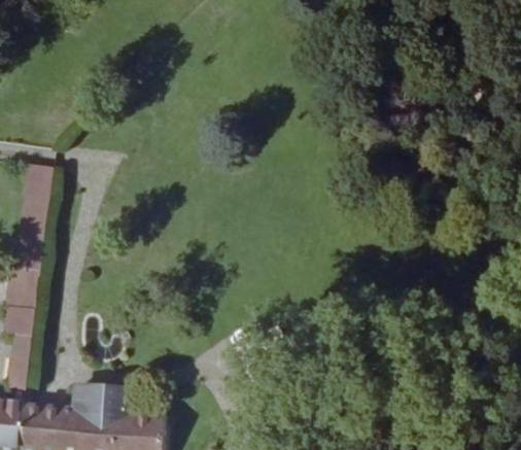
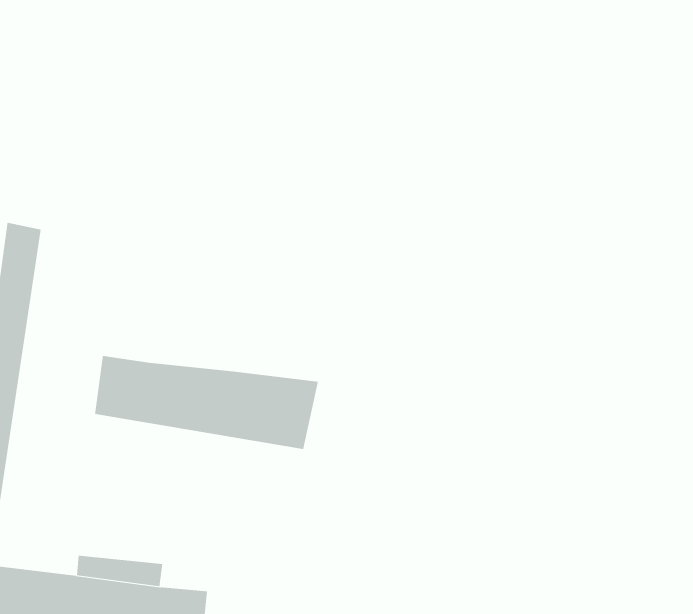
building: none -> [94,355,318,450]

